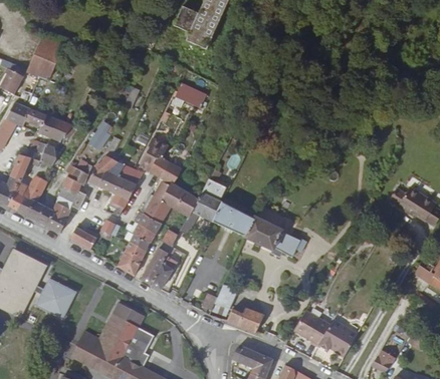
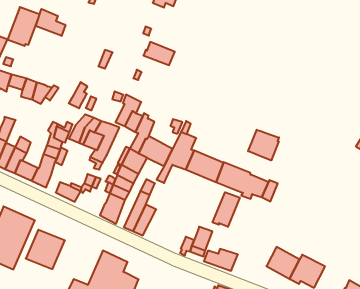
building: none -> [36,9,65,36]
building: [35,139,58,165] -> none
building: none -> [248,130,279,160]
building: none -> [213,192,240,227]

